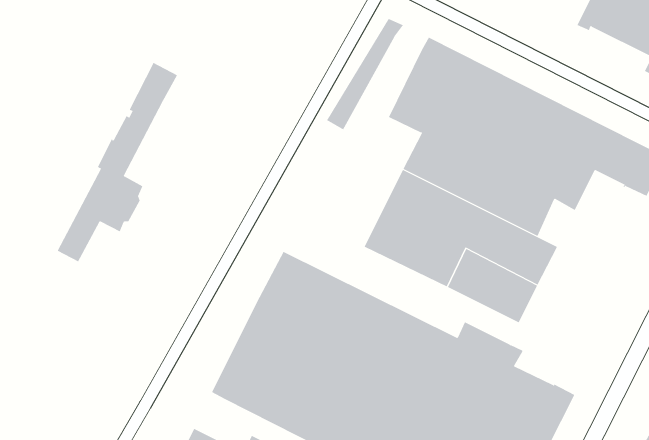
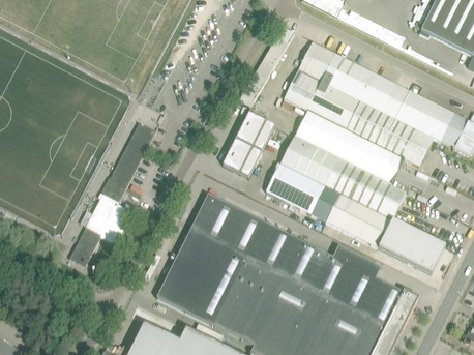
building: [57,62,178,262] -> [69,121,156,265]
building: none -> [223,113,274,178]
building: none -> [378,219,444,273]

